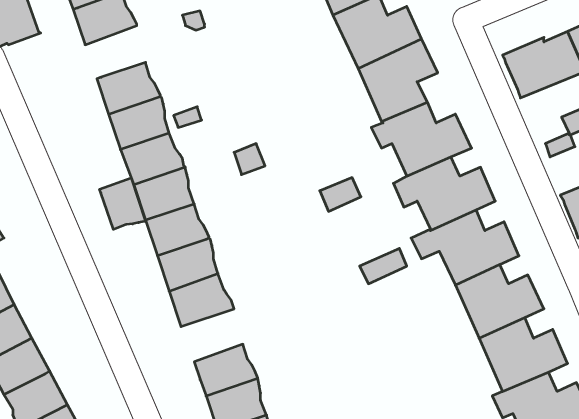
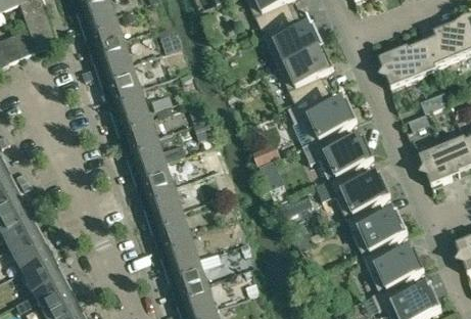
building: none -> [89,36,131,73]
building: [100,178,145,229] -> none
building: none -> [155,232,198,269]

